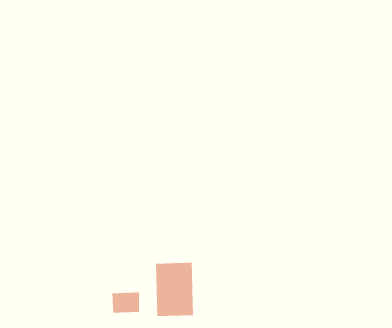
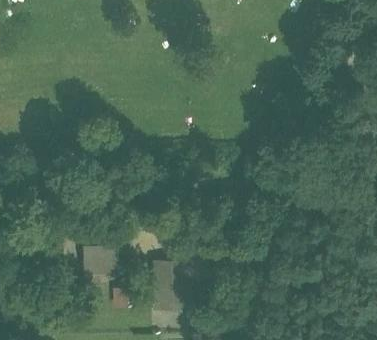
building: none -> [80,244,117,283]

